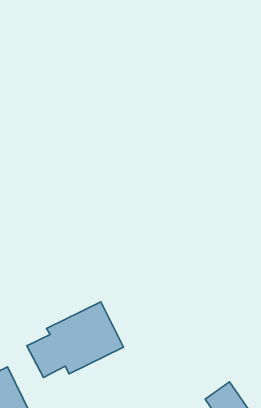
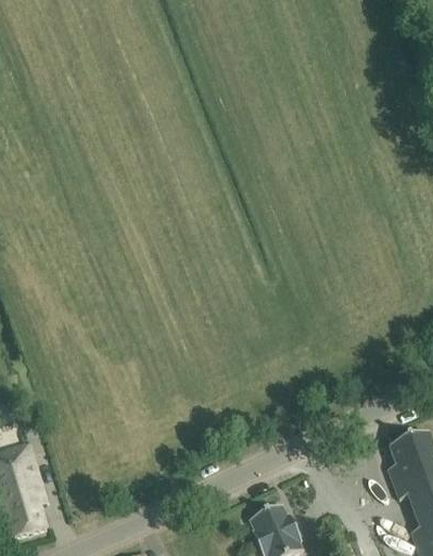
building: [27,302,124,378] -> none

